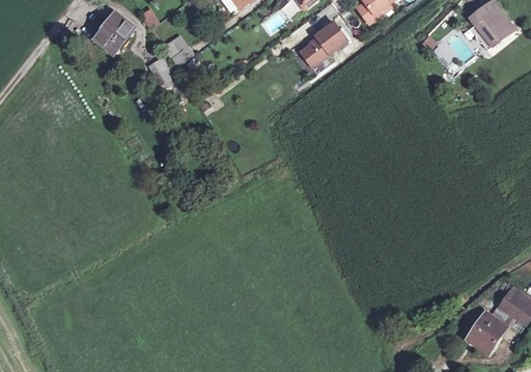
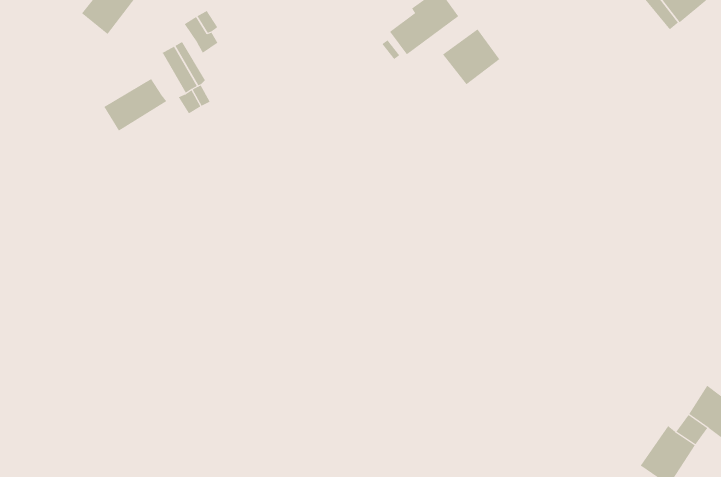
building: none -> [442,28,500,85]
building: none -> [103,78,167,132]

